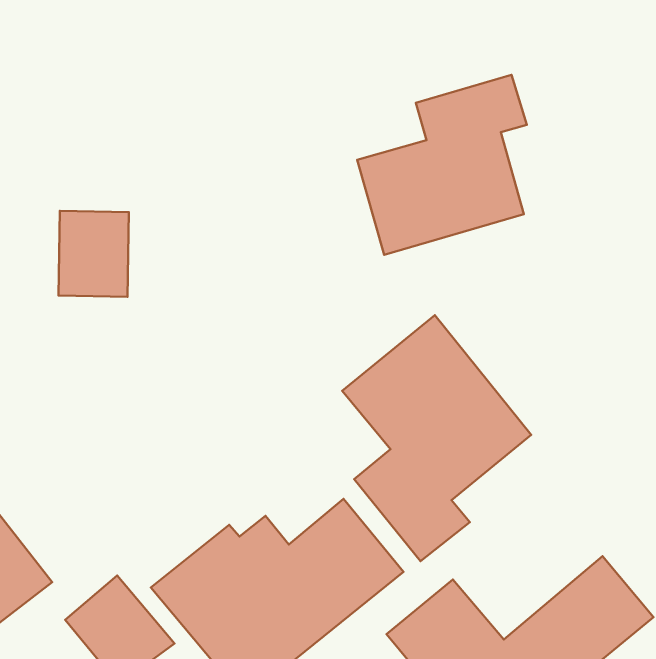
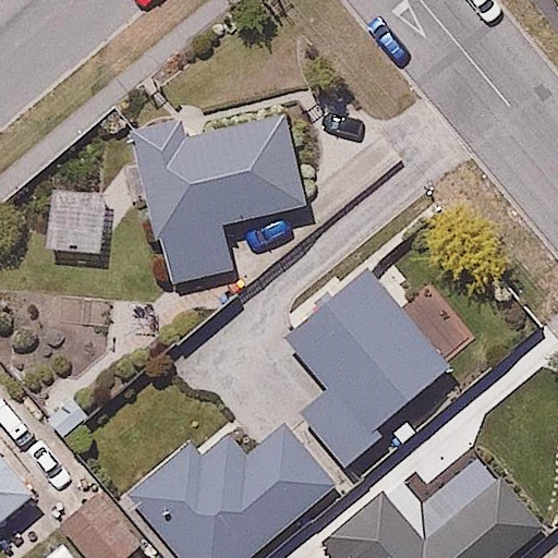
building: [357,75,527,255] -> none
building: none -> [121,104,307,290]

